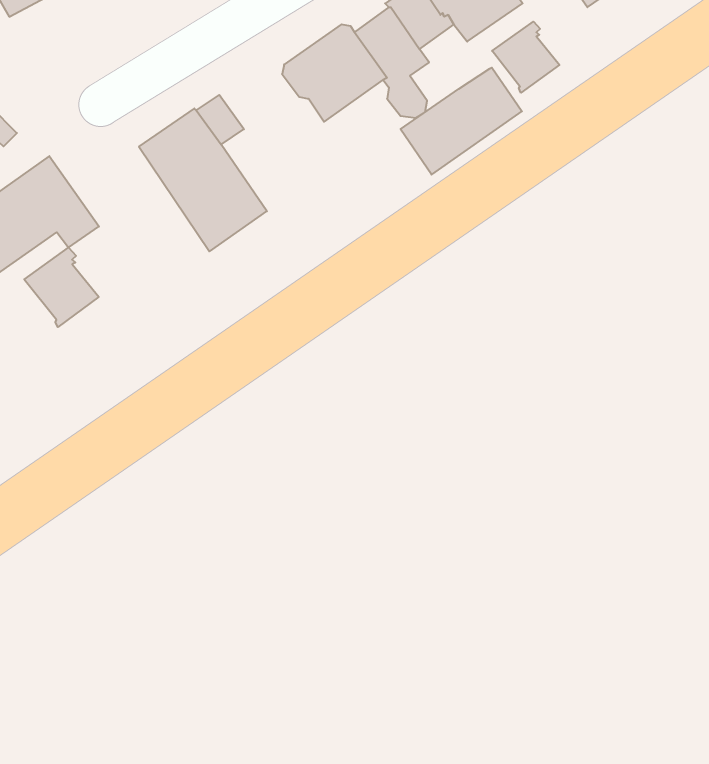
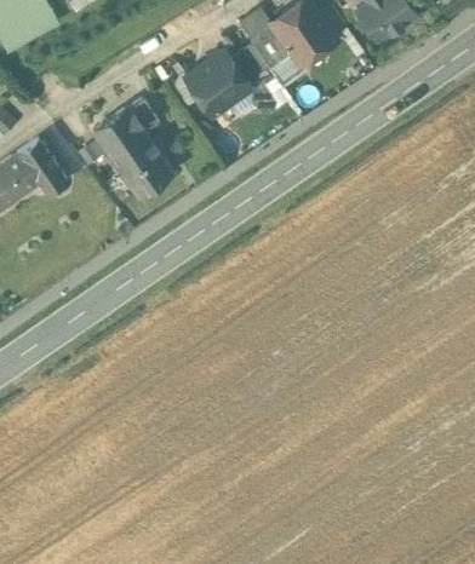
building: [492,22,559,93] -> none
building: [401,68,522,175] -> none
building: [24,248,99,327] -> none

